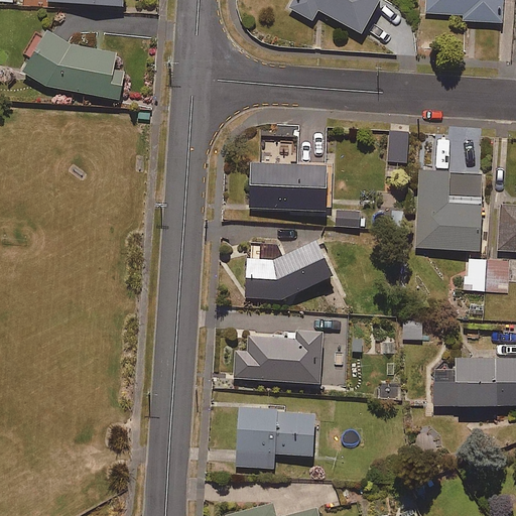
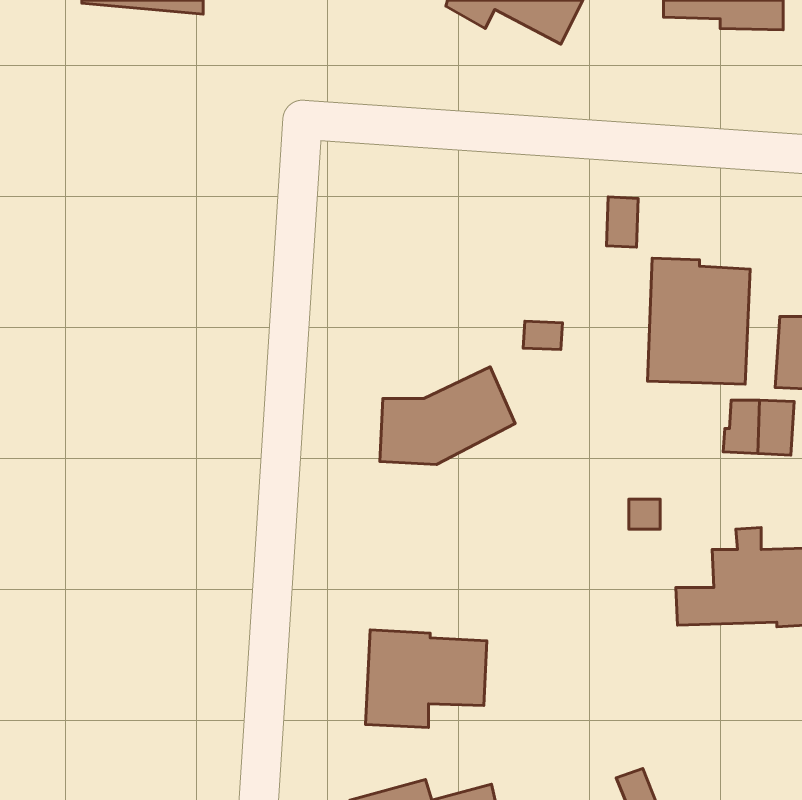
building: [29,35,134,105] -> none
building: [249,161,327,210] -> none
building: [234,328,322,382] -> none

